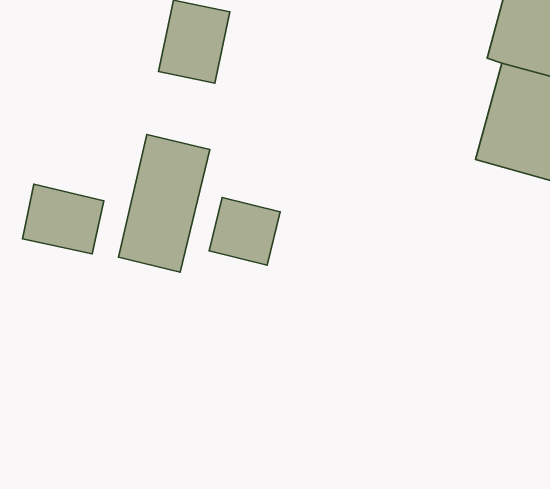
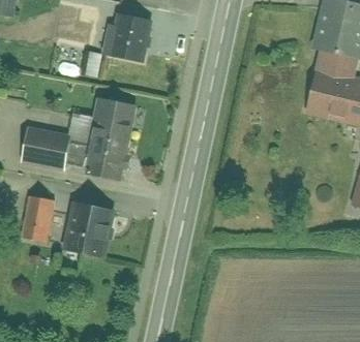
building: [209,198,280,265] -> none
building: none -> [20,195,56,244]
building: none -> [63,201,116,256]

